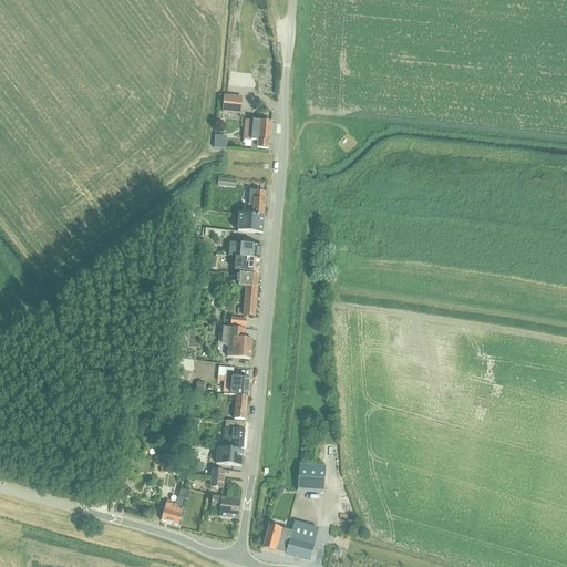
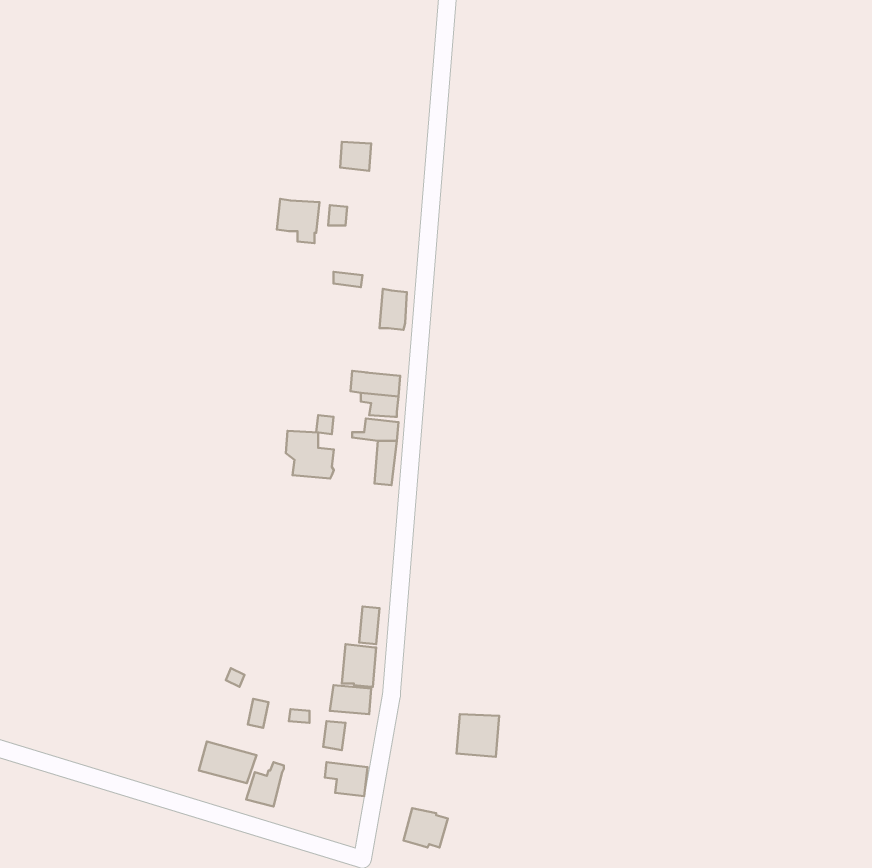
building: [243,116,270,145] -> [277,199,320,243]
building: [236,212,262,231] -> none
building: [220,326,251,357] -> [286,431,334,479]
building: [217,364,248,394] -> none
building: none -> [199,742,257,783]
building: [285,519,317,557] -> none

